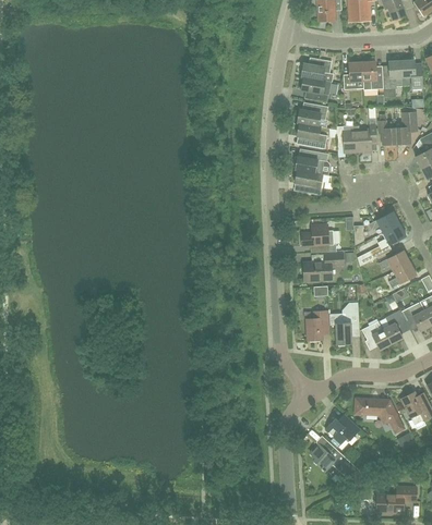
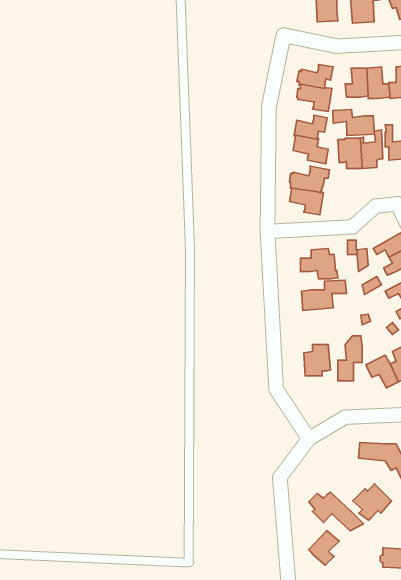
building: none -> [333,109,374,135]
building: [324,414,359,447] -> [353,484,392,520]
building: none -> [309,530,339,565]

